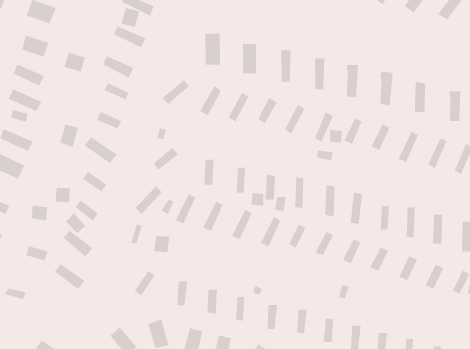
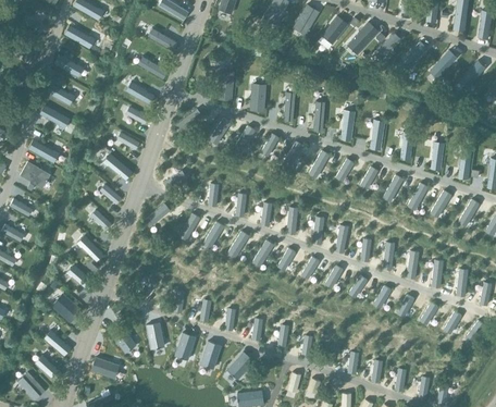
building: none -> [51,293,82,322]

